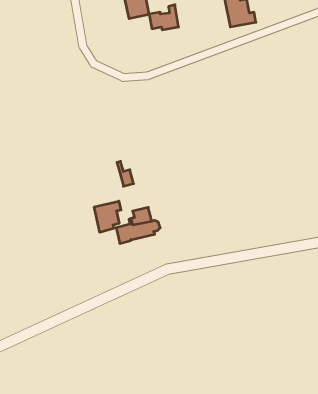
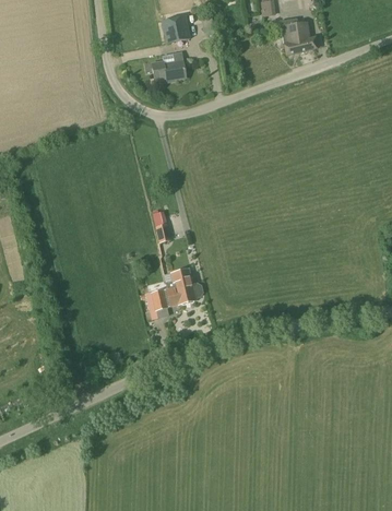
building: [149,5,179,30] -> [151,51,186,81]
building: [94,201,121,232] -> none

